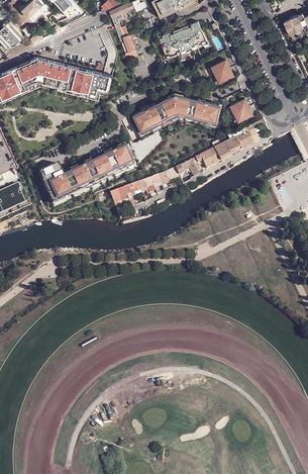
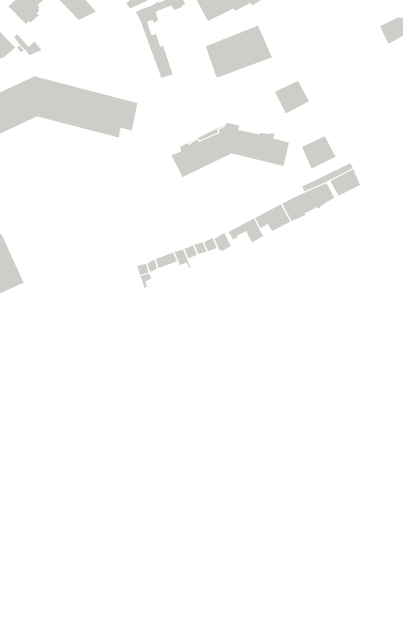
building: [41,145,132,200] -> none

